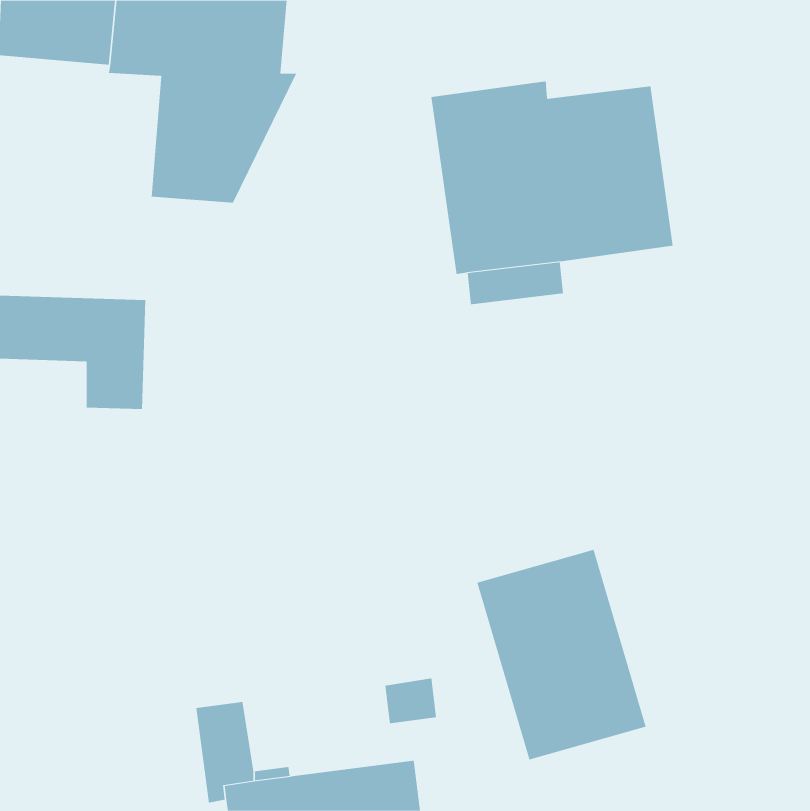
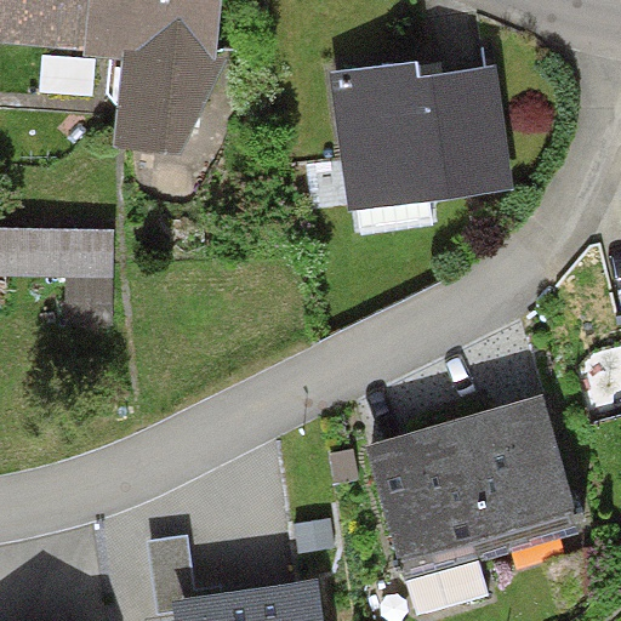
building: none -> [454,394,580,556]

